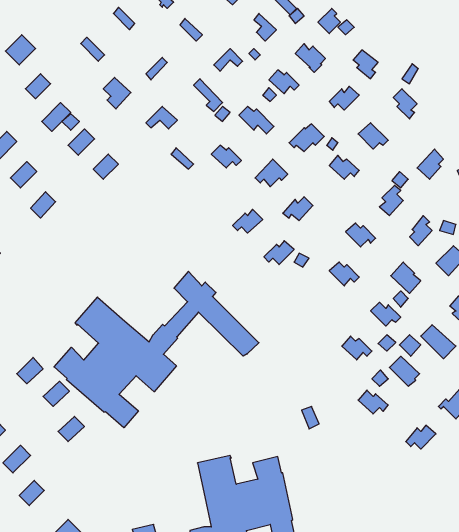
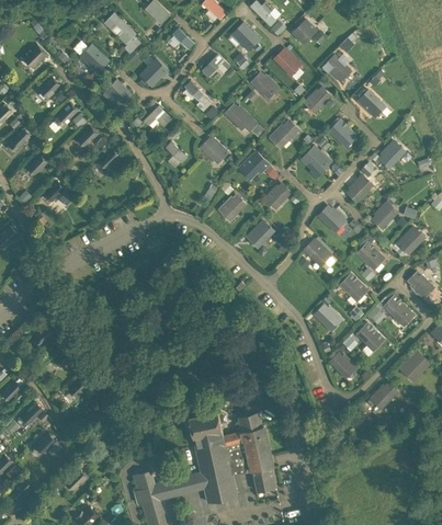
building: [54,271,259,428] -> none

